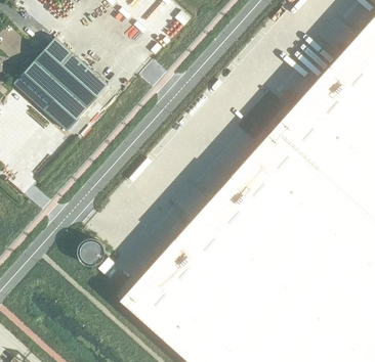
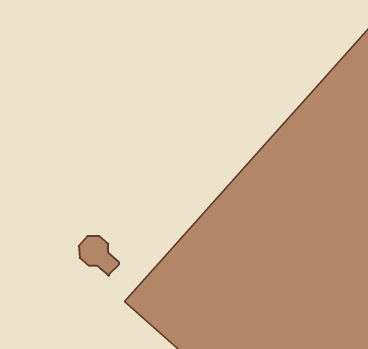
building: [13,38,108,132] -> none

